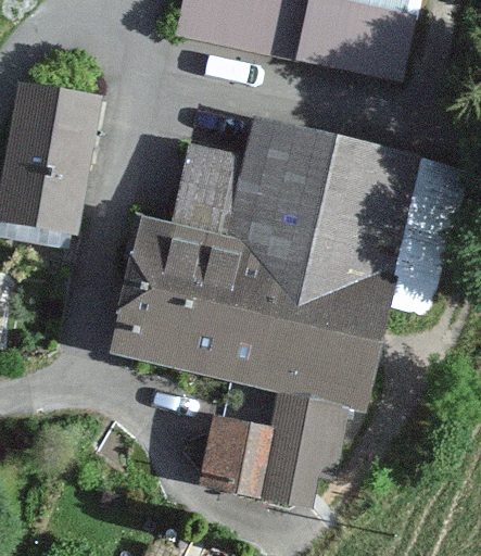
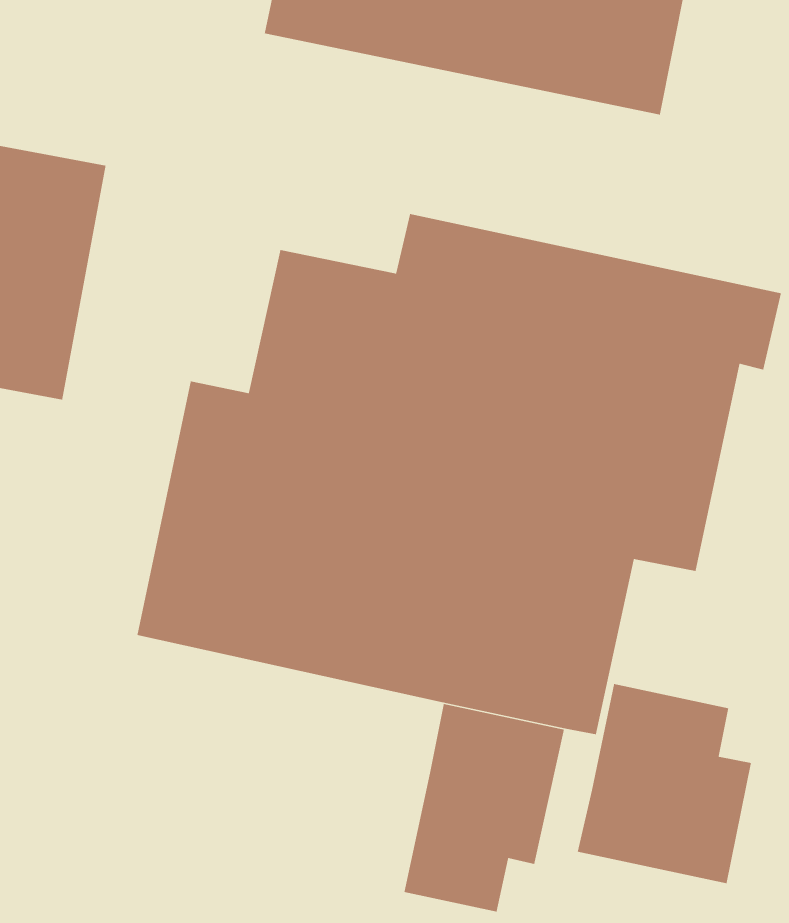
building: none -> [577,683,752,884]
building: [199,417,271,494] -> none

